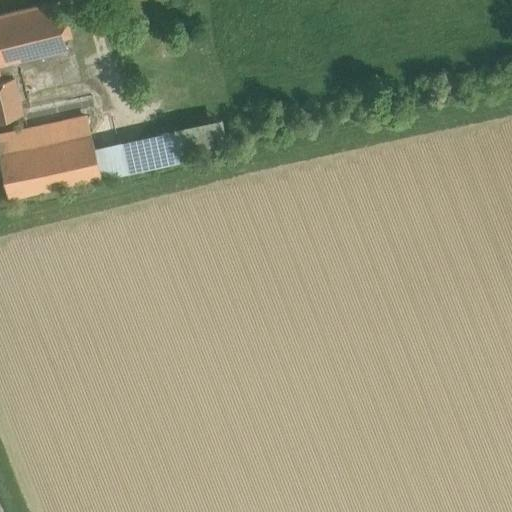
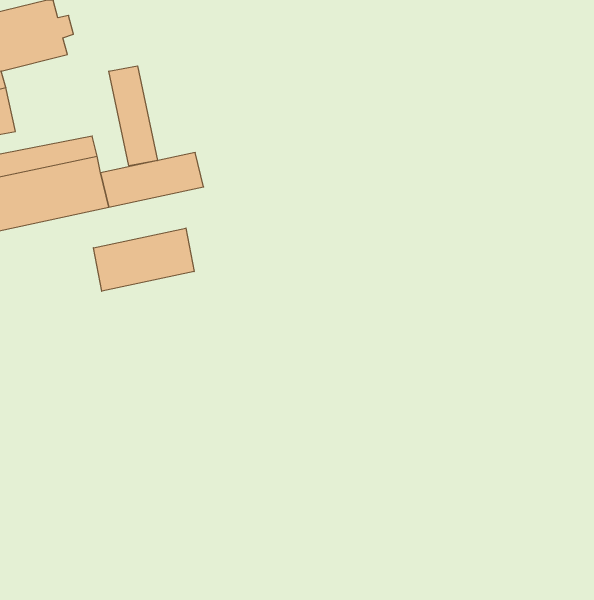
building: none -> [109,66,158,166]
building: none -> [93,228,194,291]

